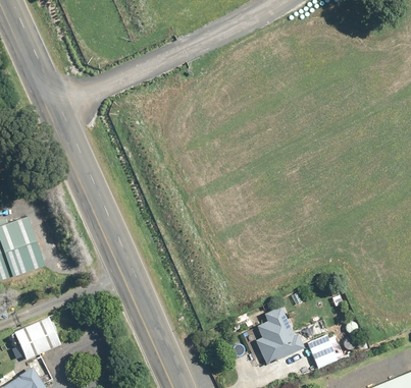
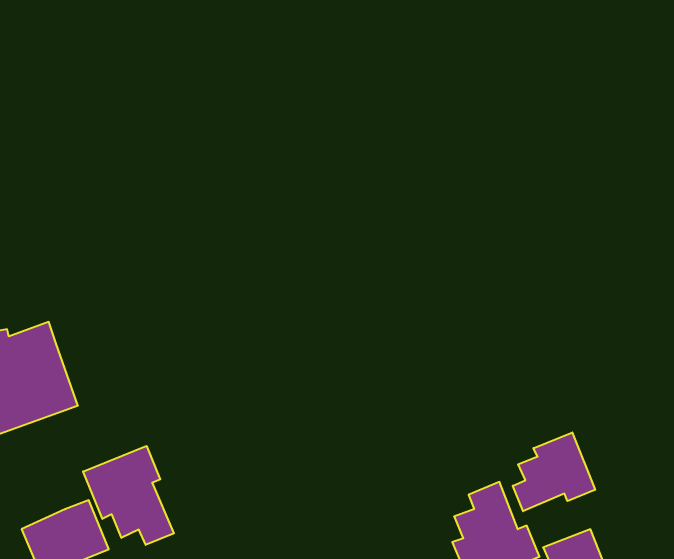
building: none -> [513,432,595,511]
building: none -> [83,446,174,545]

